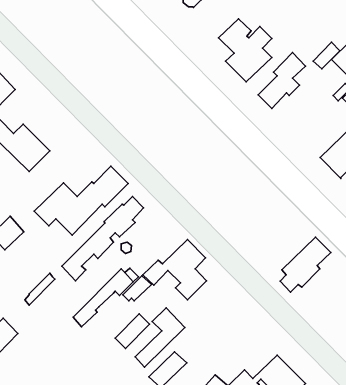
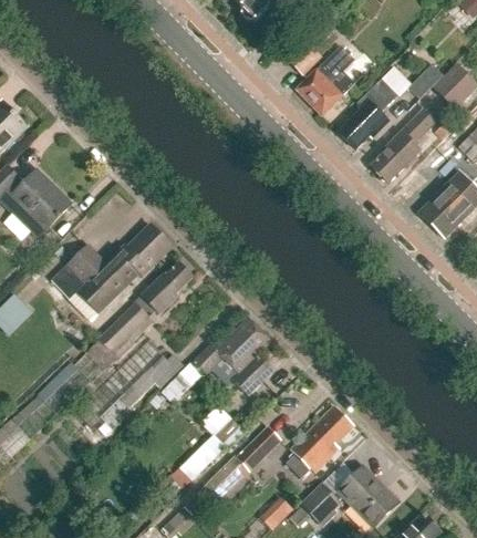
building: none -> [372,108,435,183]
building: [280,237,331,292] -> [288,406,353,477]
building: [115,314,150,348] -> [238,427,282,472]

